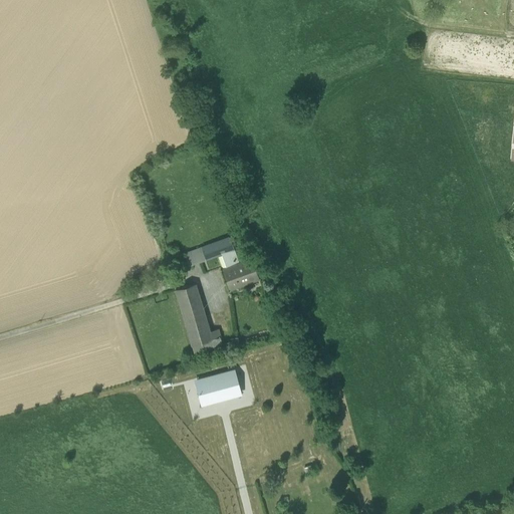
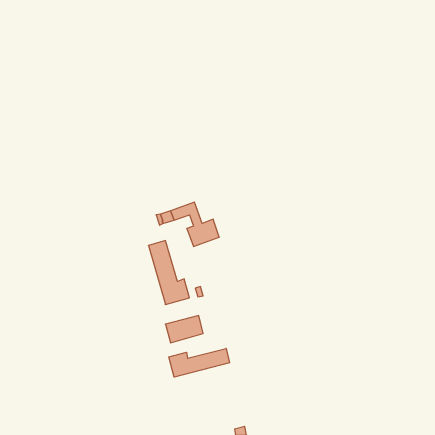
building: none -> [169,348,230,377]

